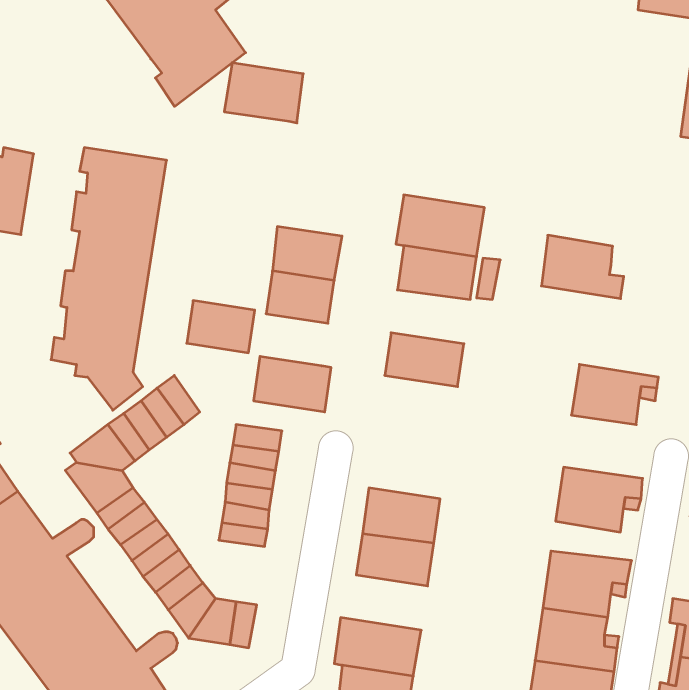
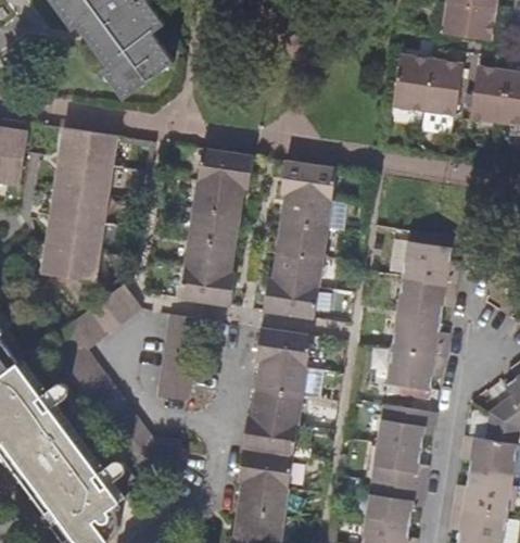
building: none -> [393,53,462,116]
building: [224,63,303,123] -> [194,148,249,189]
building: [541,235,624,299] -> [402,241,458,285]
building: none -> [272,225,327,262]
building: [187,301,255,353] -> [182,241,229,277]
building: none -> [258,282,318,321]
building: none -> [391,311,447,354]
building: none -> [251,329,312,368]
building: none -> [238,419,297,458]

